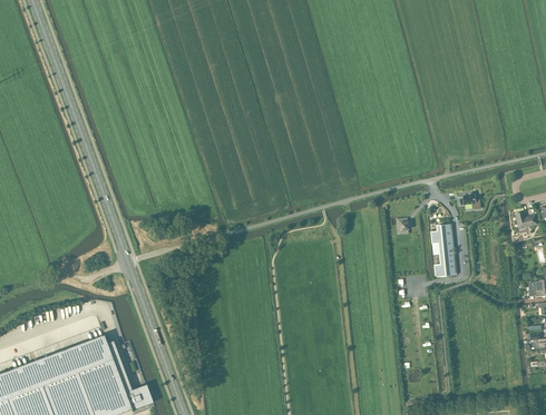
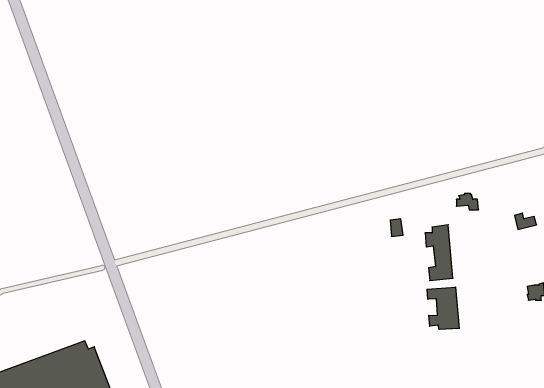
building: none -> [427,287,459,329]

